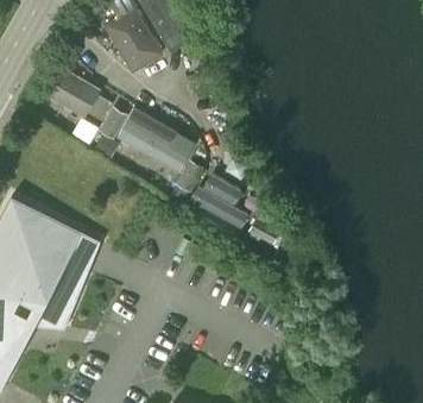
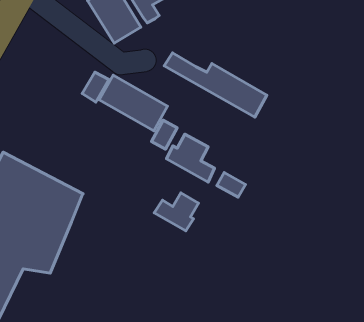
building: [43,68,101,120] -> none
building: none -> [164,53,267,117]
building: none -> [154,193,198,231]

